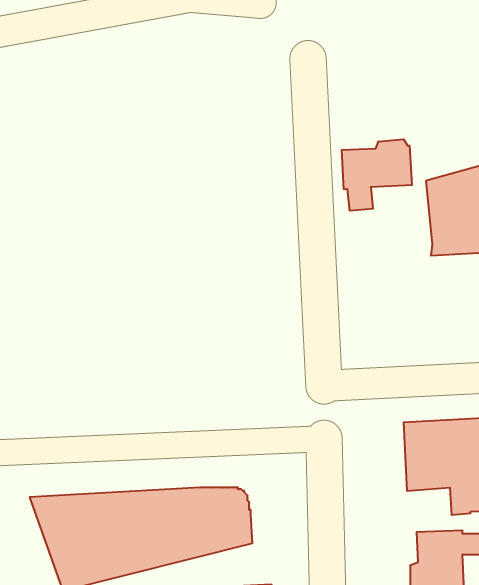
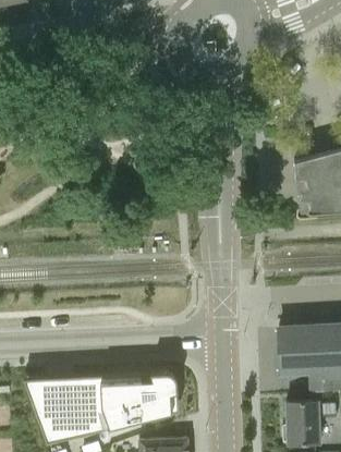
building: [342,139,412,211] -> none

